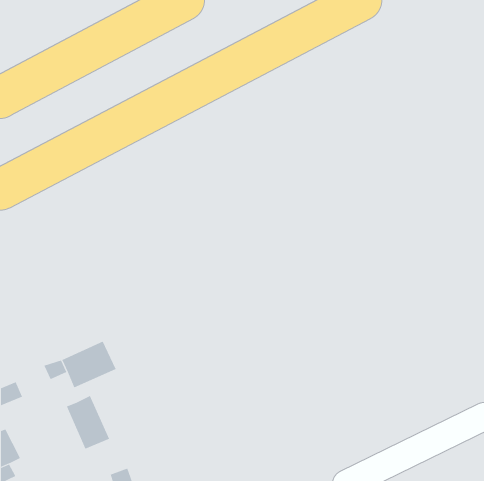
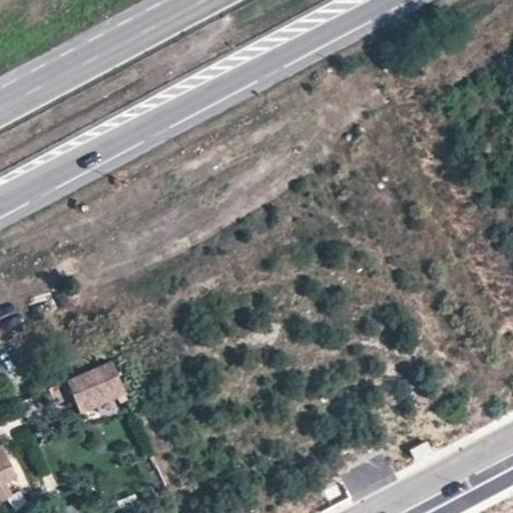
building: [66,395,110,450] -> none

